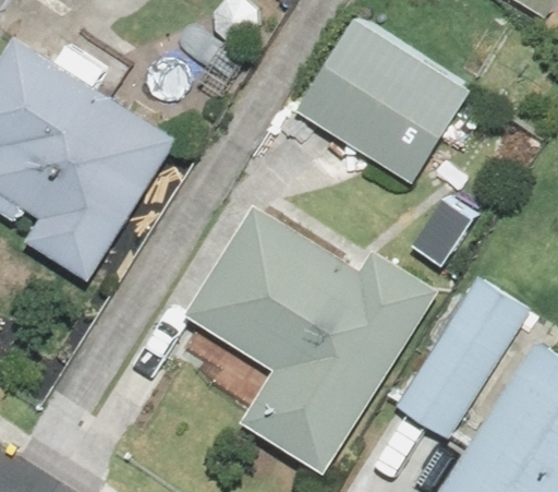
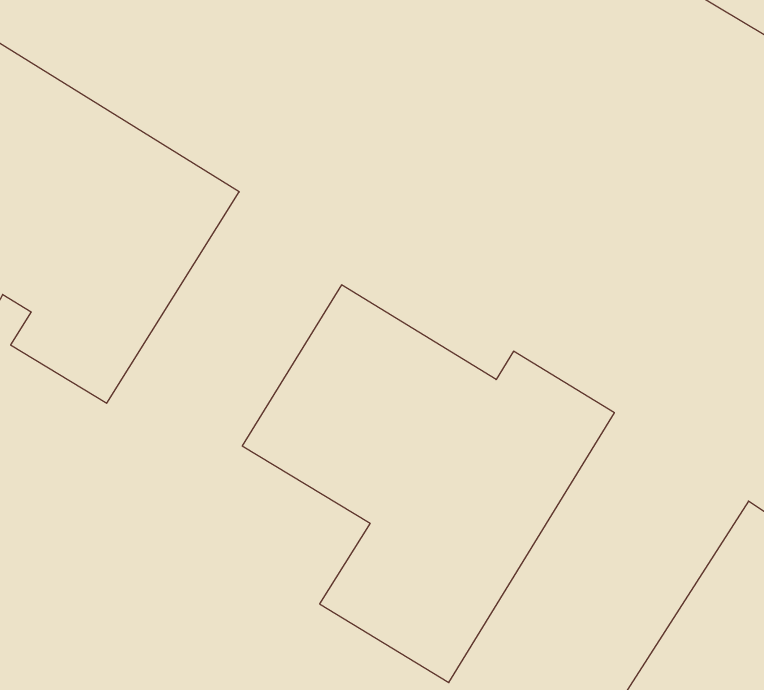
building: [295,17,473,188] -> none
building: [397,281,527,436] -> none

